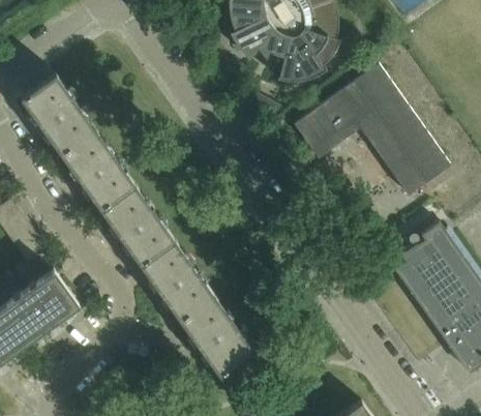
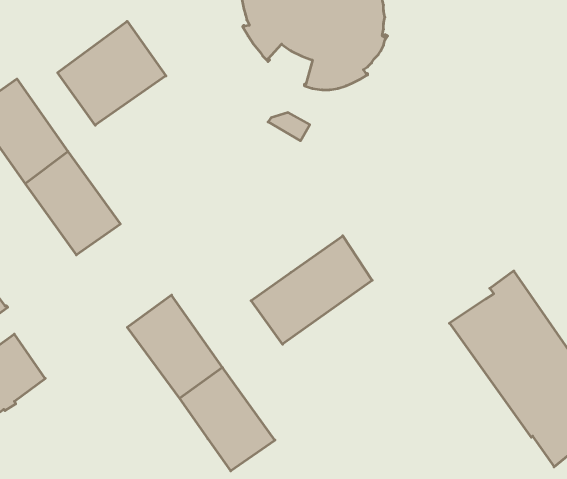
building: none -> [58,21,166,125]
building: [294,63,450,196] -> none
building: [101,185,175,265] -> none
building: none -> [251,236,372,344]

